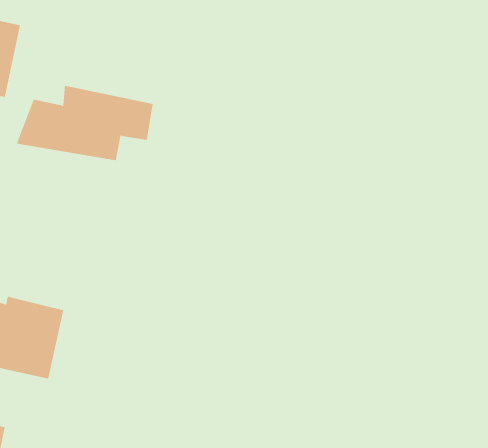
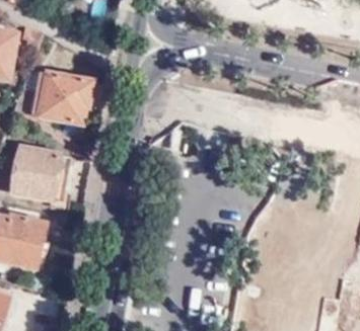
building: none -> [13,145,62,196]

